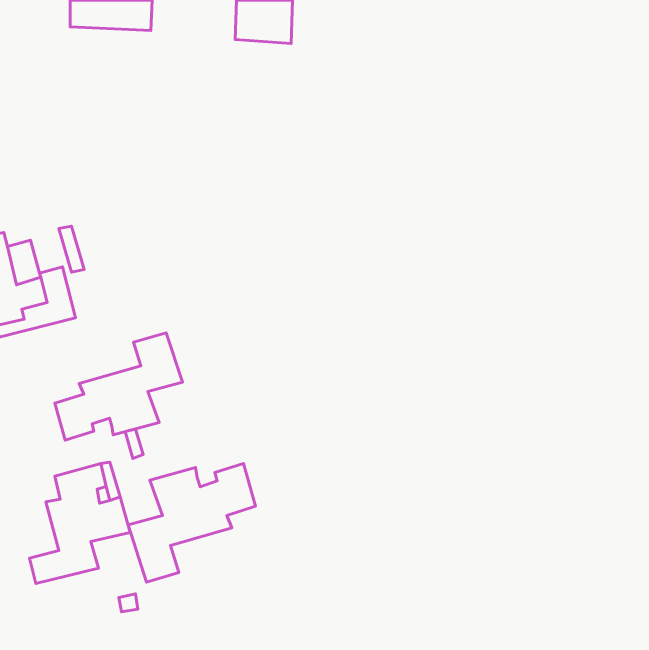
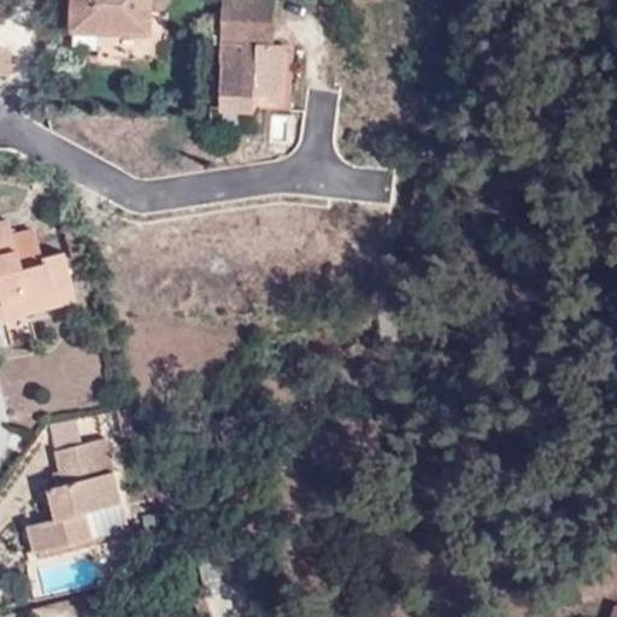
building: none -> [221,40,282,108]
building: [55,333,182,440] -> none
building: [128,464,255,582] -> none

